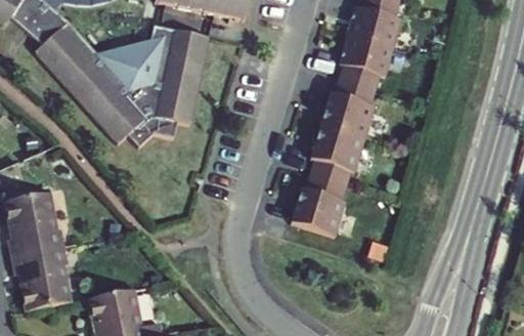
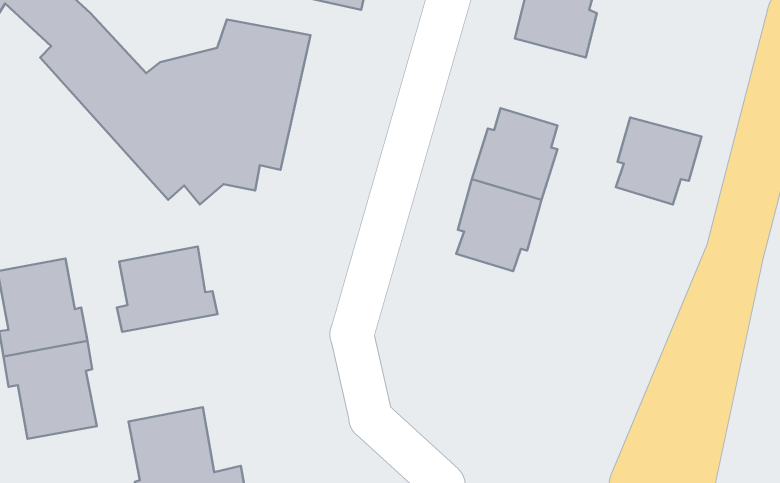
building: [334,40,389,96] -> [616,118,701,205]
building: none -> [117,247,217,332]
building: [287,179,342,241] -> none

